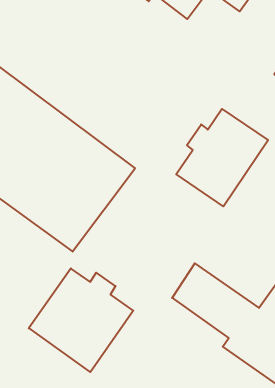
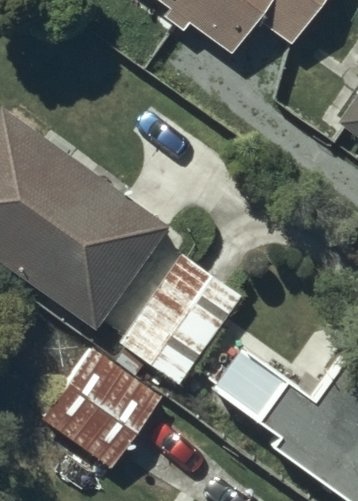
building: [176,109,268,206] -> none
building: none -> [117,250,246,386]

